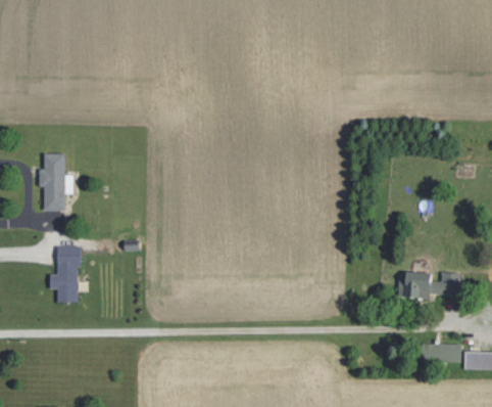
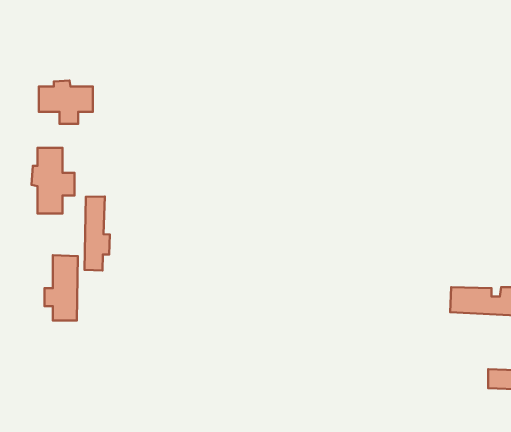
building: none -> [39,80,93,124]
building: none -> [85,196,110,271]

